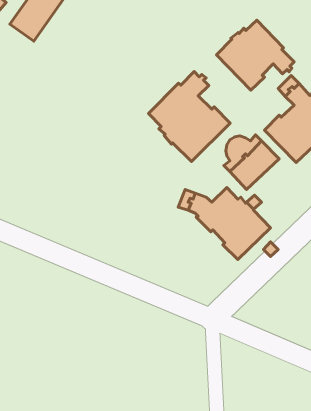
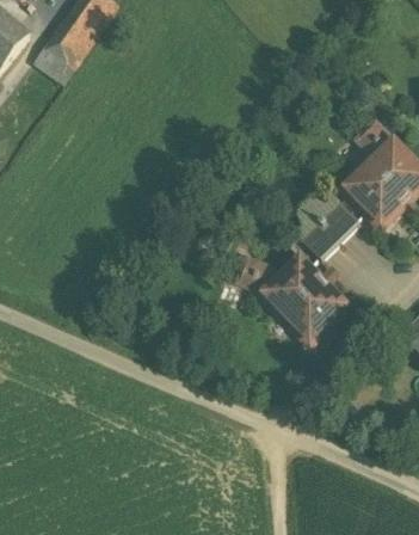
building: [216,20,294,90] -> none
building: [149,71,230,161] -> none

